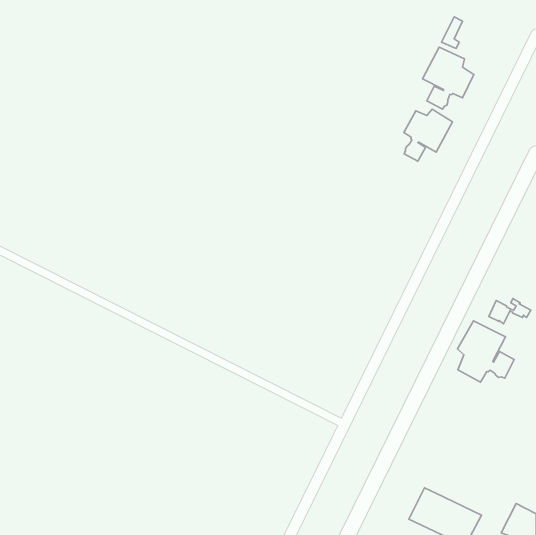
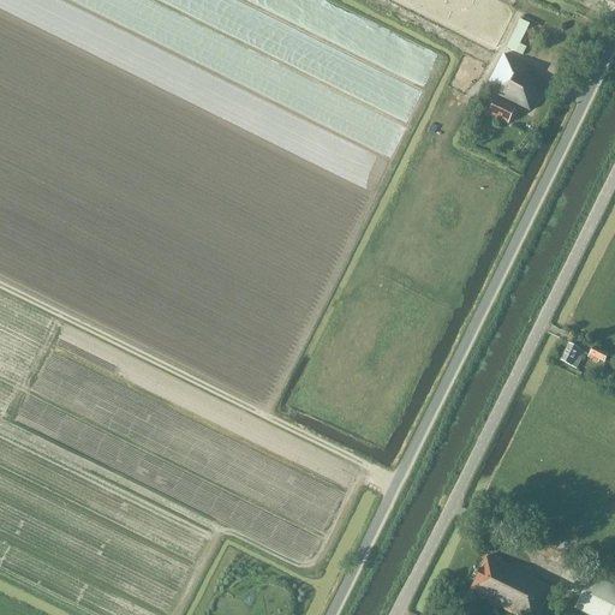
building: [404,109,452,161] -> none
building: [457,321,514,382] -> none

